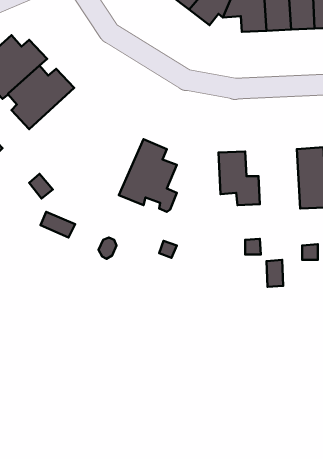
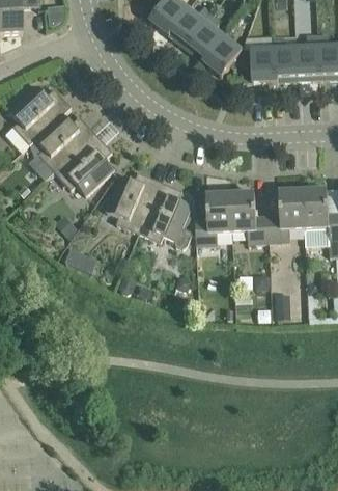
building: none -> [55,133,114,194]
building: none -> [106,171,161,233]
building: none -> [267,190,306,245]
building: none -> [195,193,232,245]

